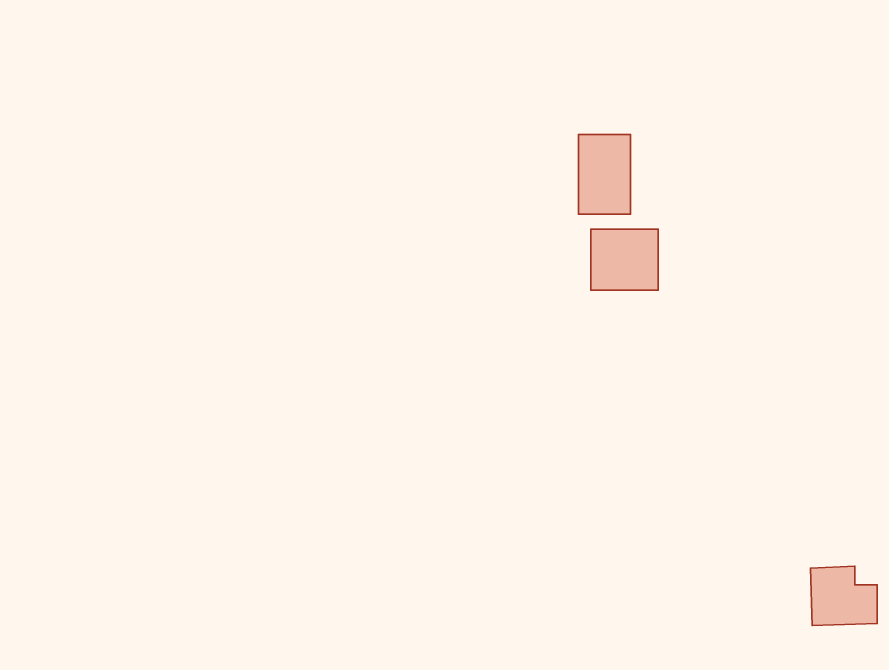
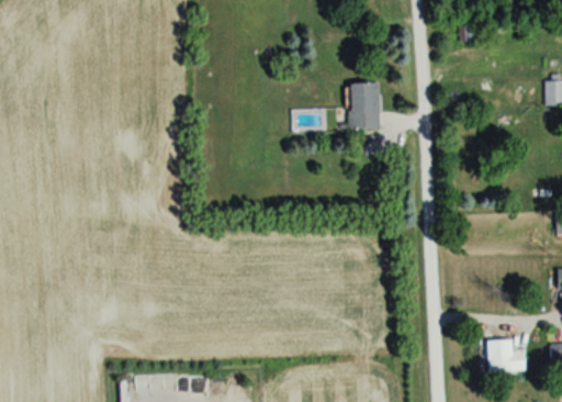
building: [591,229,658,290] -> none

